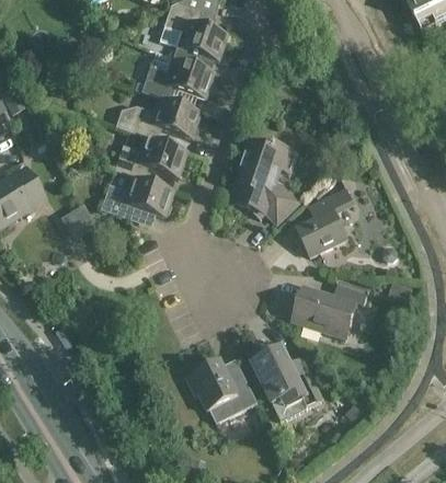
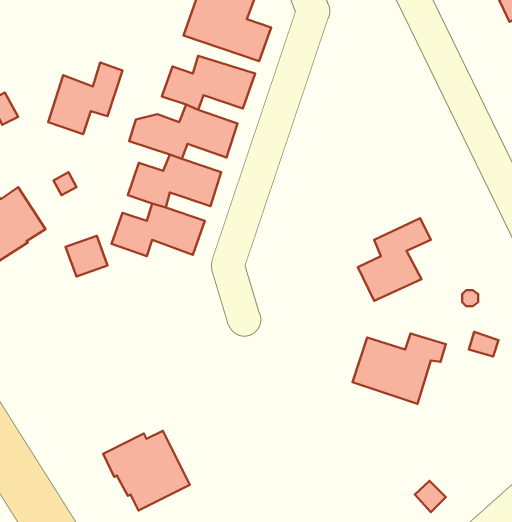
building: none -> [48,62,123,134]
building: [231,141,300,222] -> none
building: [253,347,322,419] -> none
building: [188,358,259,423] -> [103,431,190,511]

